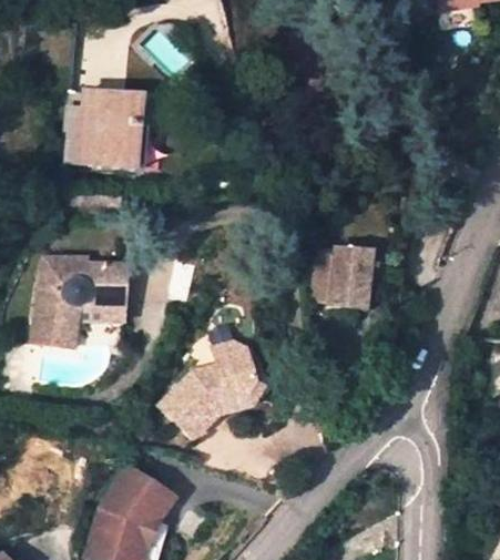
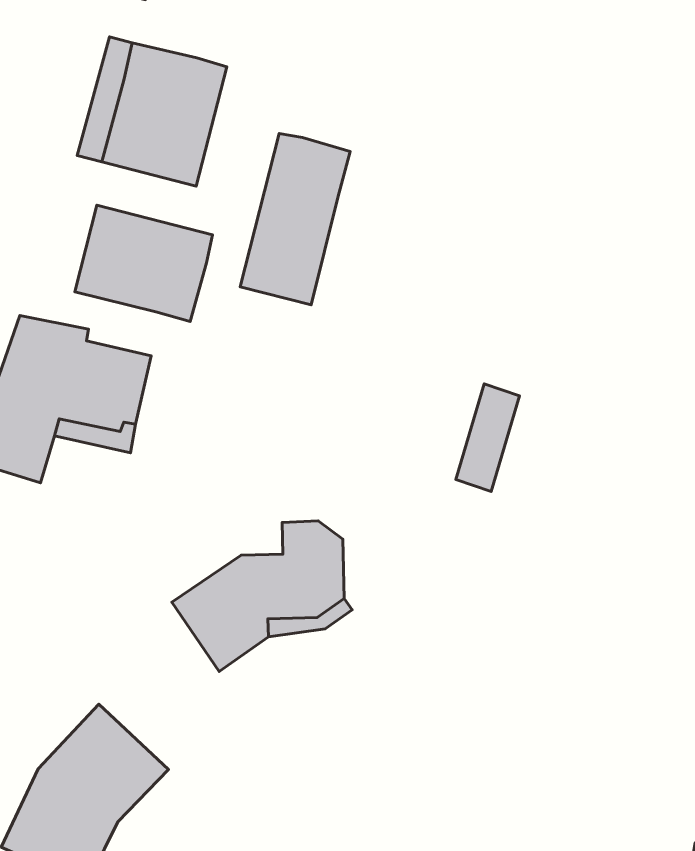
building: none -> [240,133,350,305]
building: none -> [75,205,212,321]
building: [330,252,371,313] -> none

